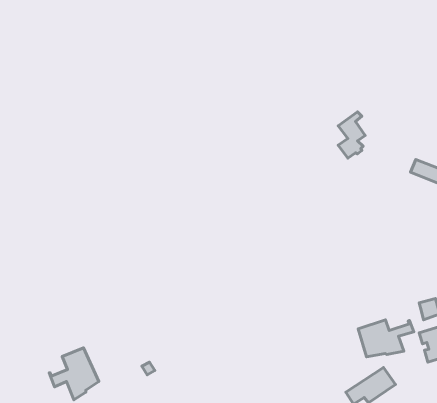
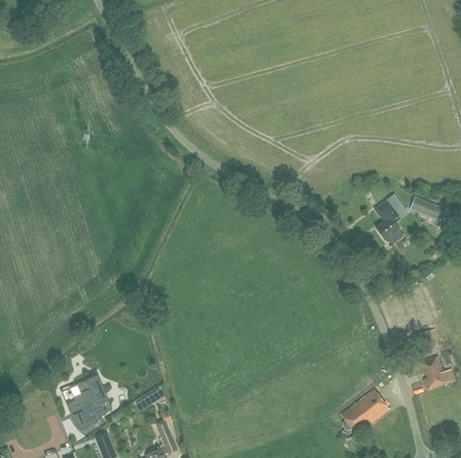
building: [338,112,365,158] -> [375,195,400,239]
building: [358,320,414,357] -> none

